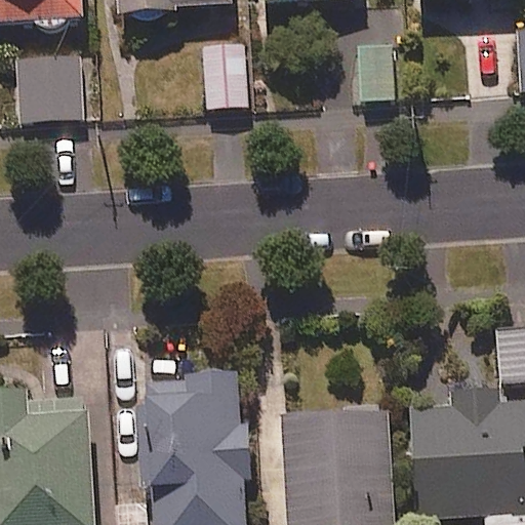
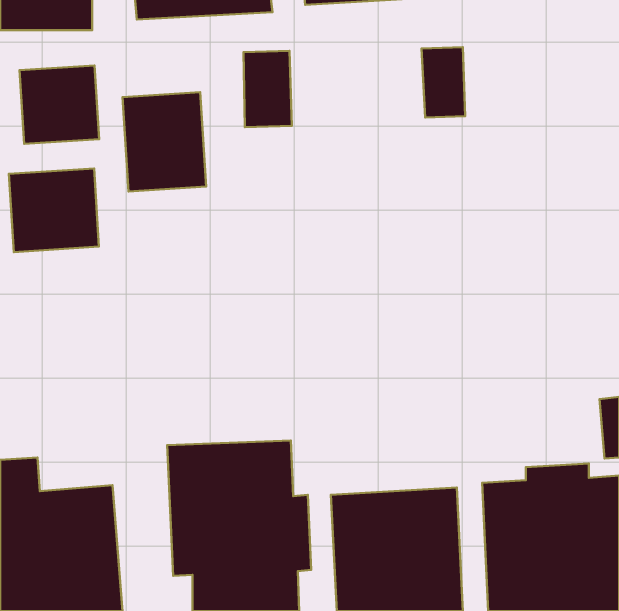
building: none -> [122,92,206,192]
building: none -> [9,168,99,252]

